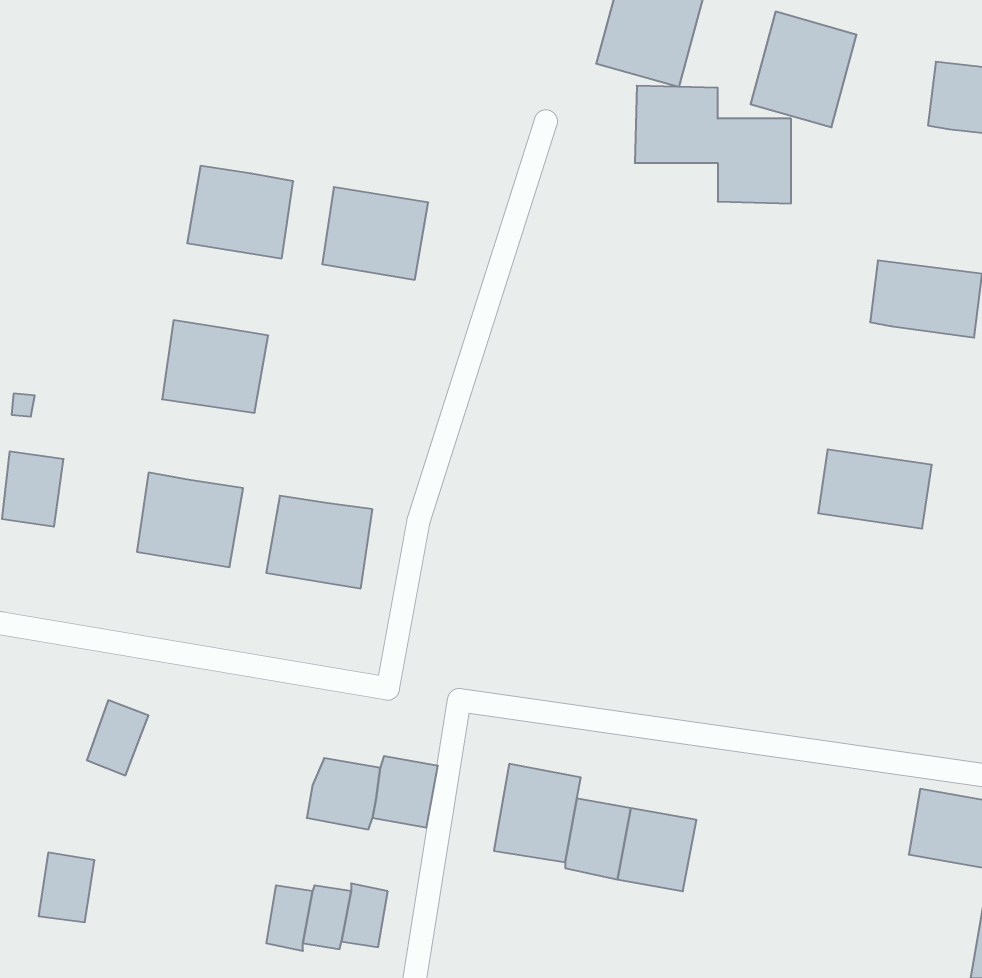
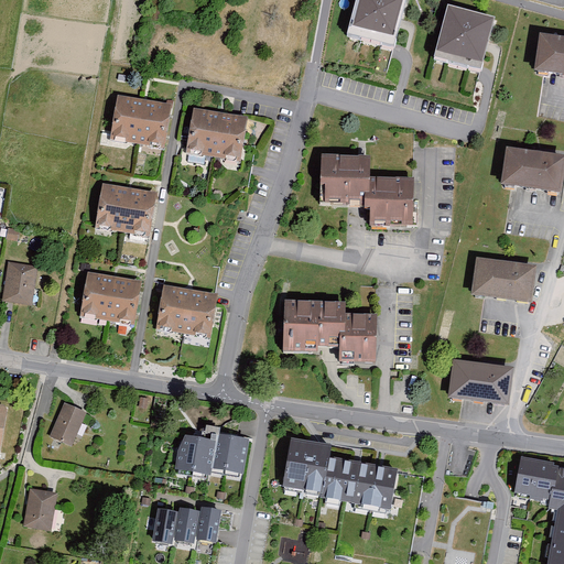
building: [635,86,791,203] -> [321,158,410,225]
building: none -> [282,301,375,360]
building: none -> [446,360,511,404]

